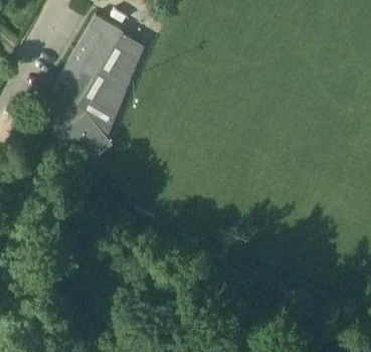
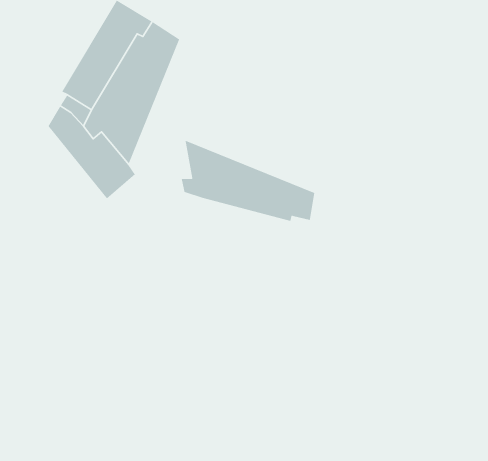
building: none -> [181,140,315,222]

